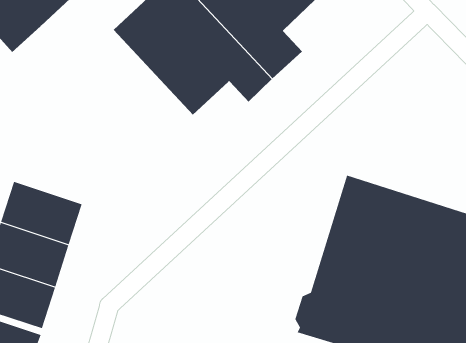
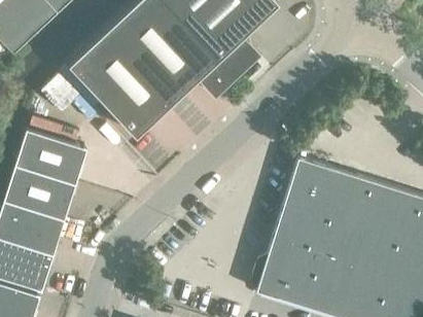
building: none -> [68,36,167,138]
building: none -> [14,130,84,184]

